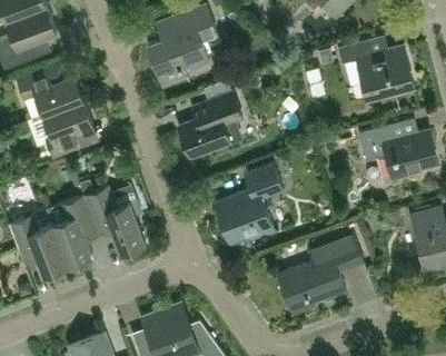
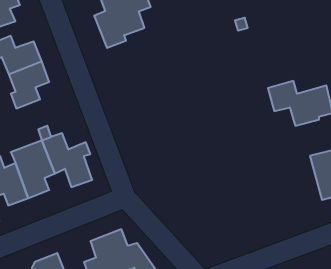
building: [337,39,413,97] -> none
building: [178,91,241,157] -> none
building: [215,165,283,247] -> none
building: [277,236,363,314] -> none

